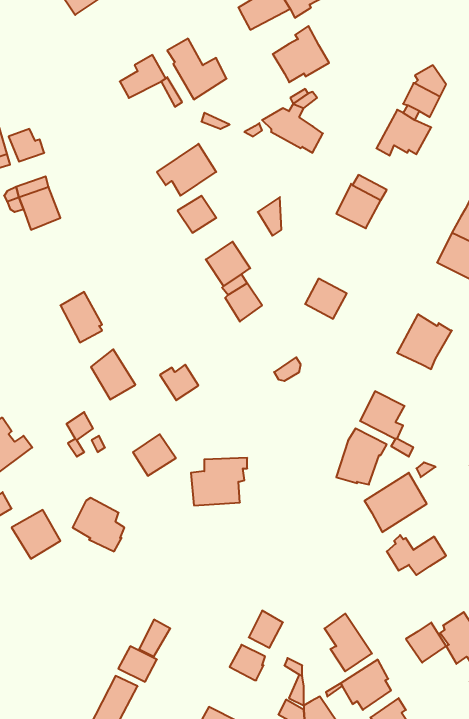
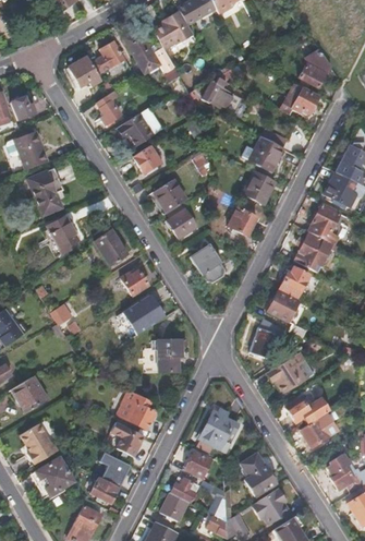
building: [273,26,329,82] -> [153,9,194,50]
building: none -> [68,56,101,87]
building: none -> [96,91,121,127]
building: none -> [27,168,62,215]
building: none -> [243,170,275,203]
building: none -> [308,204,339,244]
building: none -> [192,245,220,275]
building: [91,349,135,400] -> [95,228,127,265]
building: none -> [280,267,308,298]
building: [133,434,176,476] -> [131,293,162,324]
building: [73,498,124,551] -> [115,389,154,429]
building: none -> [200,409,239,449]
building: none -> [110,421,143,456]
building: none -> [20,423,57,464]
building: none -> [36,457,73,494]
building: [406,622,446,663] -> [300,418,329,447]
building: none -> [160,492,190,520]

